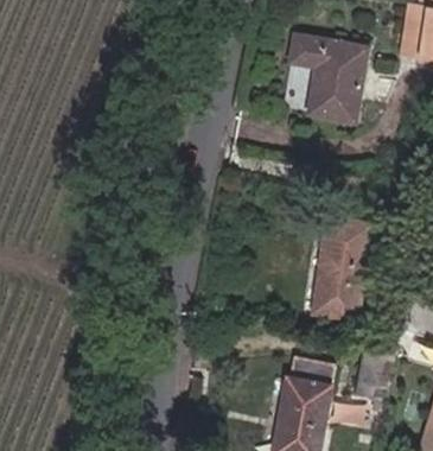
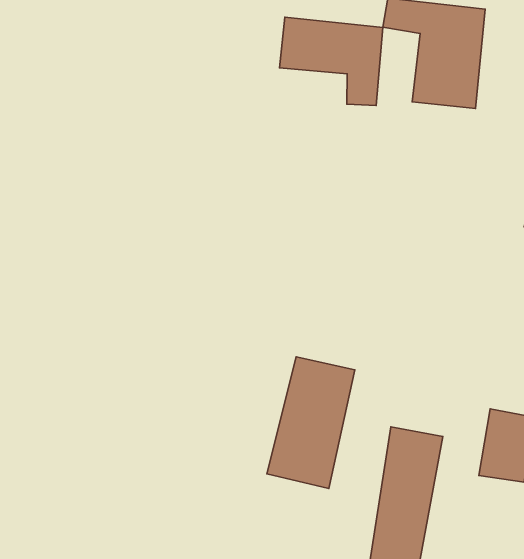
building: none -> [280,17,383,106]
building: [316,220,380,316] -> [267,357,355,488]

